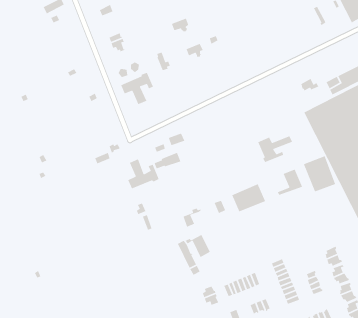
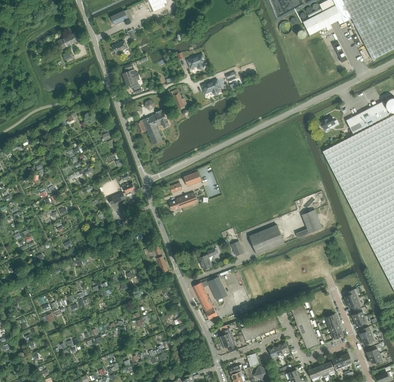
building: [257,135,293,163] -> none
building: [303,155,336,192] -> none
building: [127,158,160,190] -> none

